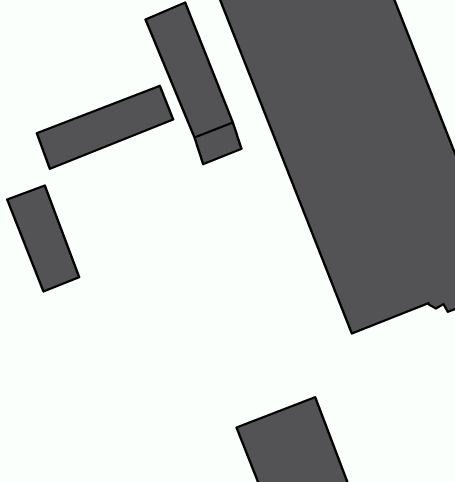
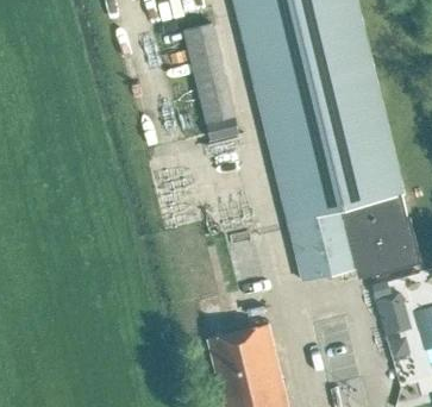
building: [37,86,173,169] -> none
building: [7,186,79,291] -> none

